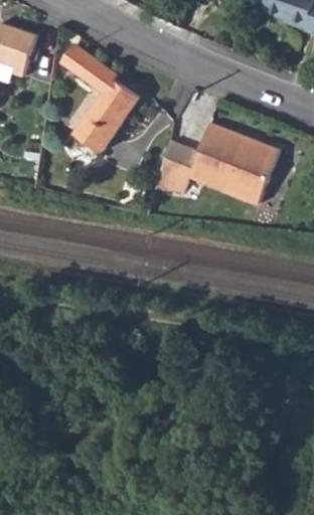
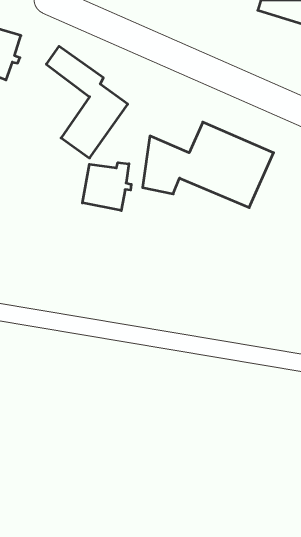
building: none -> [82,163,131,211]

